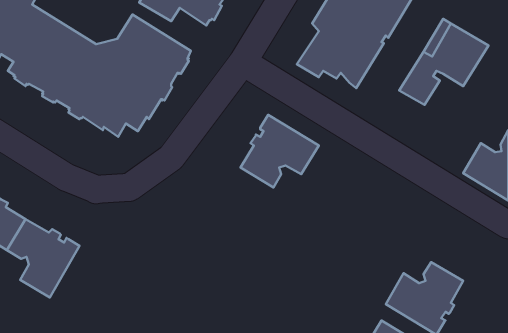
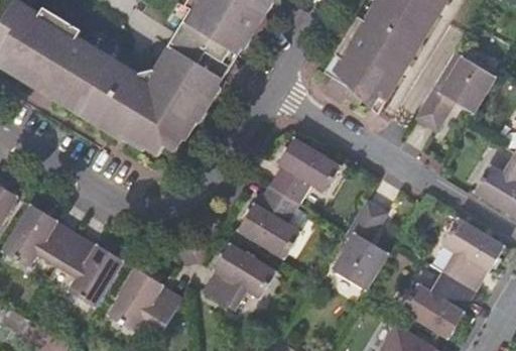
building: none -> [238,187,301,259]
building: none -> [332,199,389,289]
building: none -> [442,218,505,290]
building: none -> [206,243,277,310]
building: none -> [107,266,179,330]

